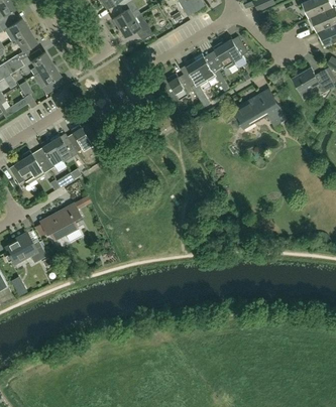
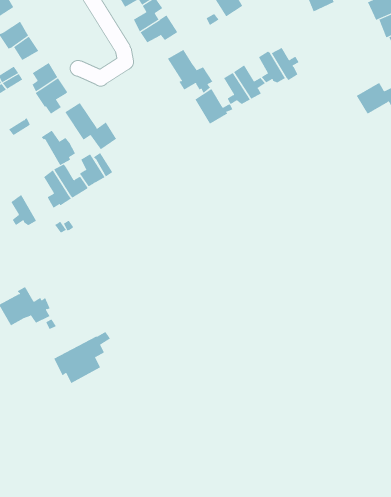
building: none -> [167,49,213,94]
building: none -> [64,102,117,150]
building: [223,88,287,128] -> none
building: [20,150,48,179] -> [41,130,76,166]
building: [39,198,86,241] -> [53,331,111,384]

